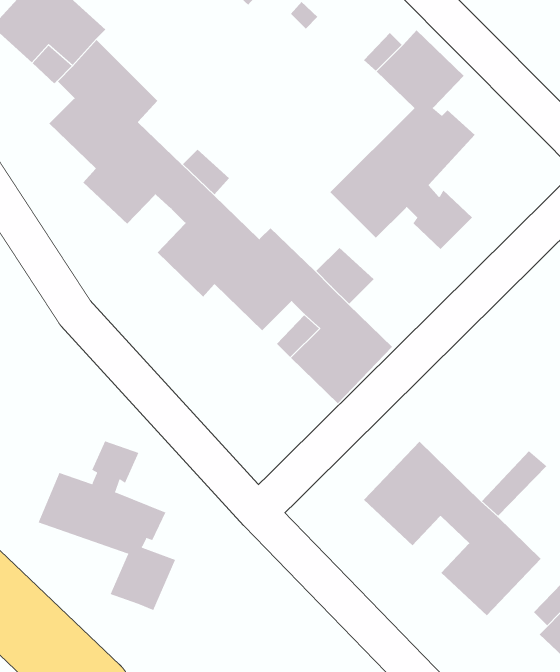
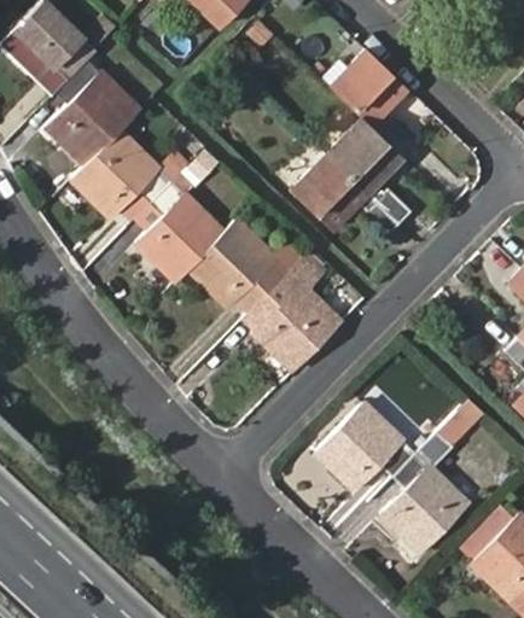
building: [38,440,176,611] -> none

